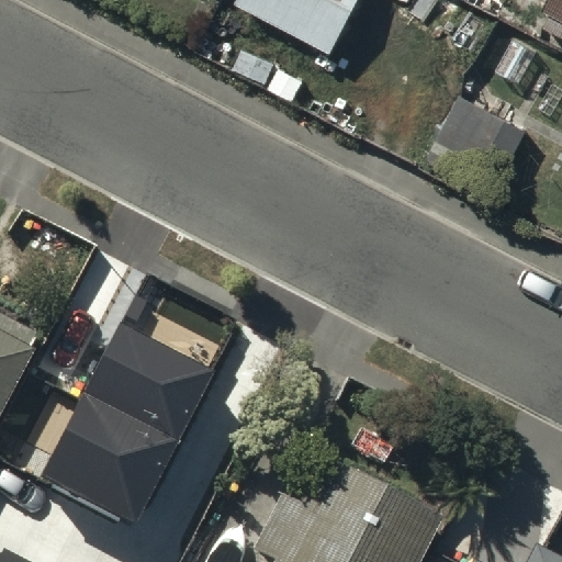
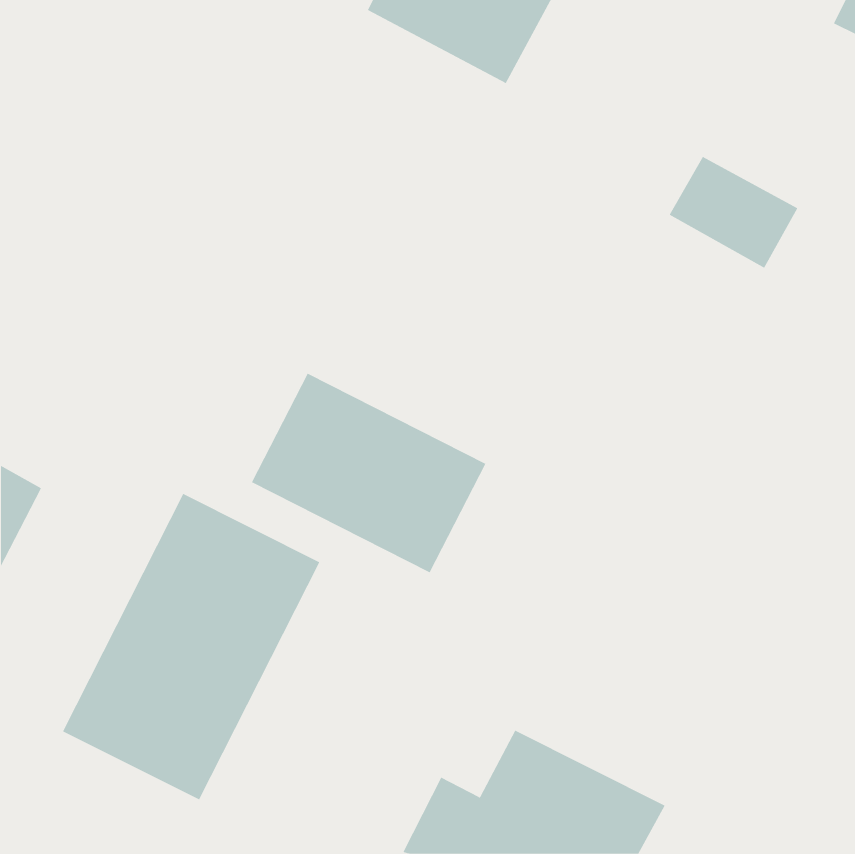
building: none -> [251,373,486,573]

